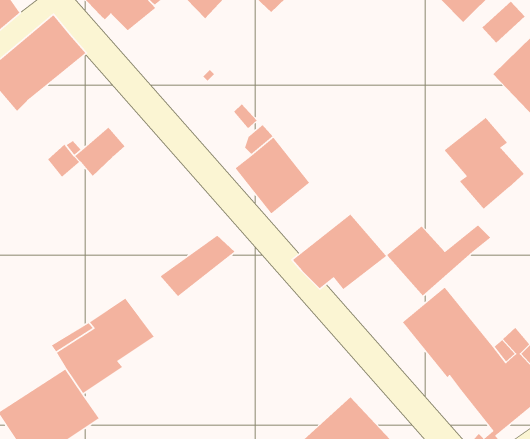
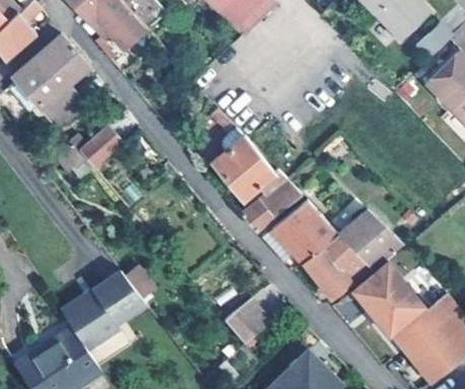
building: none -> [41,85,84,127]
building: [444,117,525,210] -> none
building: [160,235,235,297] -> [239,179,302,231]
building: none -> [302,235,368,299]
building: none -> [223,299,269,343]

